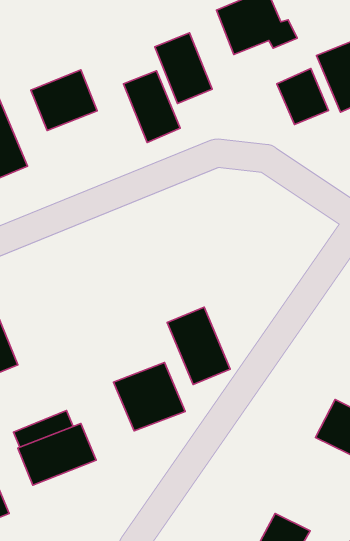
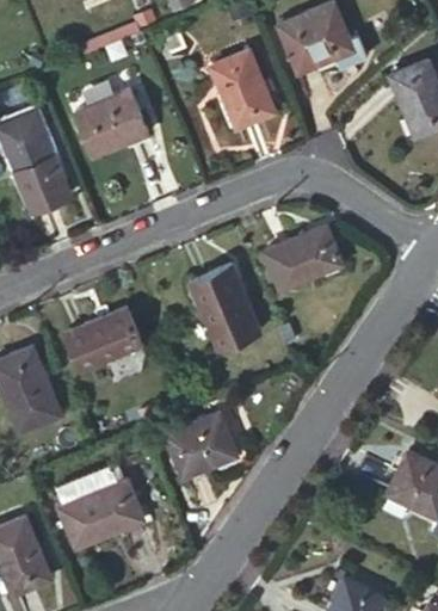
building: [277,69,328,125] -> none
building: [123,71,180,143] -> none
building: none -> [265,226,343,288]
building: none -> [66,308,142,370]
building: [167,307,230,384] -> [191,264,260,348]

